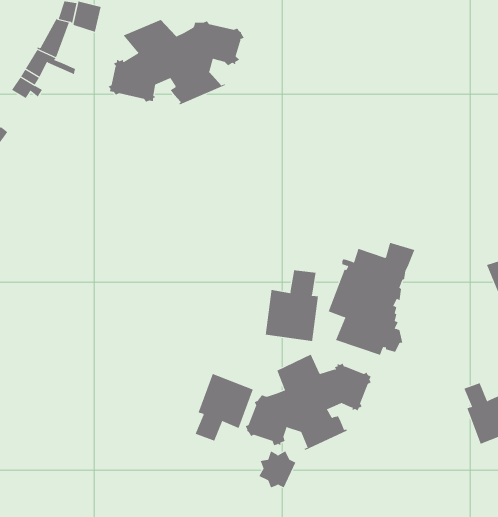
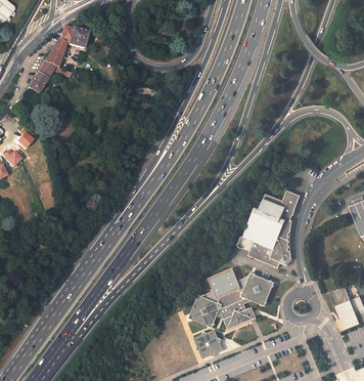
building: [108,19,244,105] -> none
building: [265,269,318,342] -> none
building: [195,373,254,441] -> none

